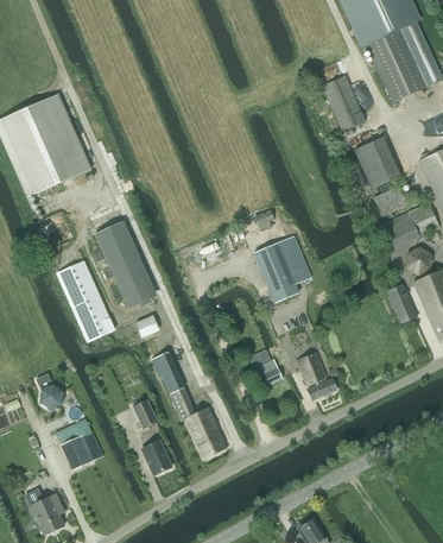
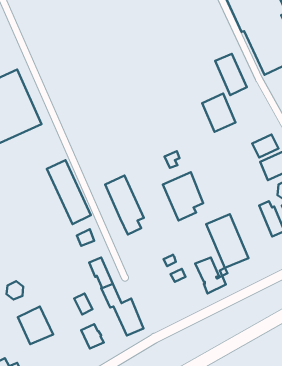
building: [355,137,400,189] -> [202,93,236,132]
building: [57,261,109,341] -> [105,176,144,234]
building: none -> [206,214,249,268]

